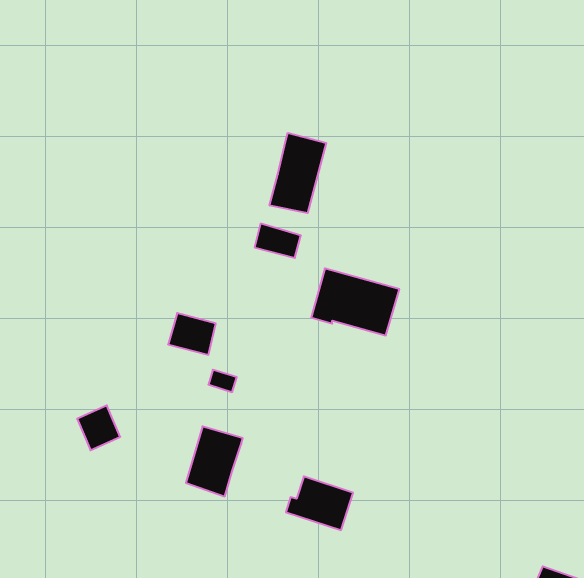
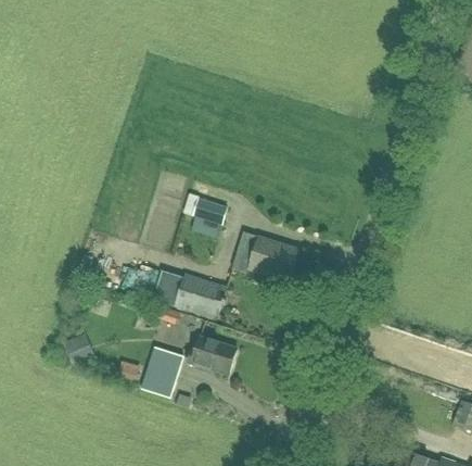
building: [270,133,326,213] -> none
building: none -> [175,274,226,318]
building: [286,476,353,530] -> [188,336,237,375]

